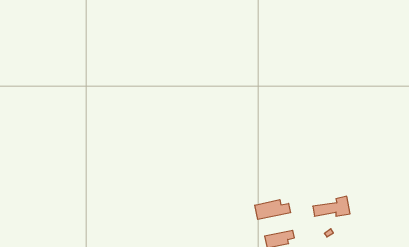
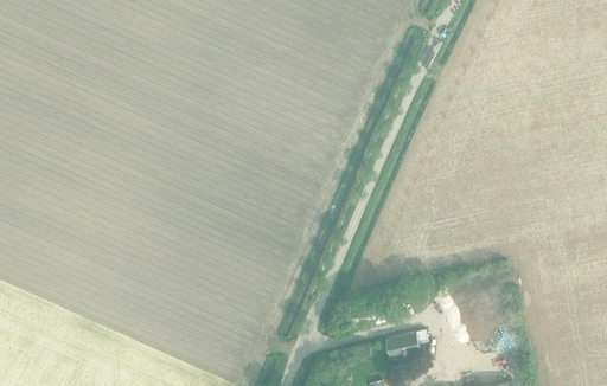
building: [255,200,290,219] -> none

